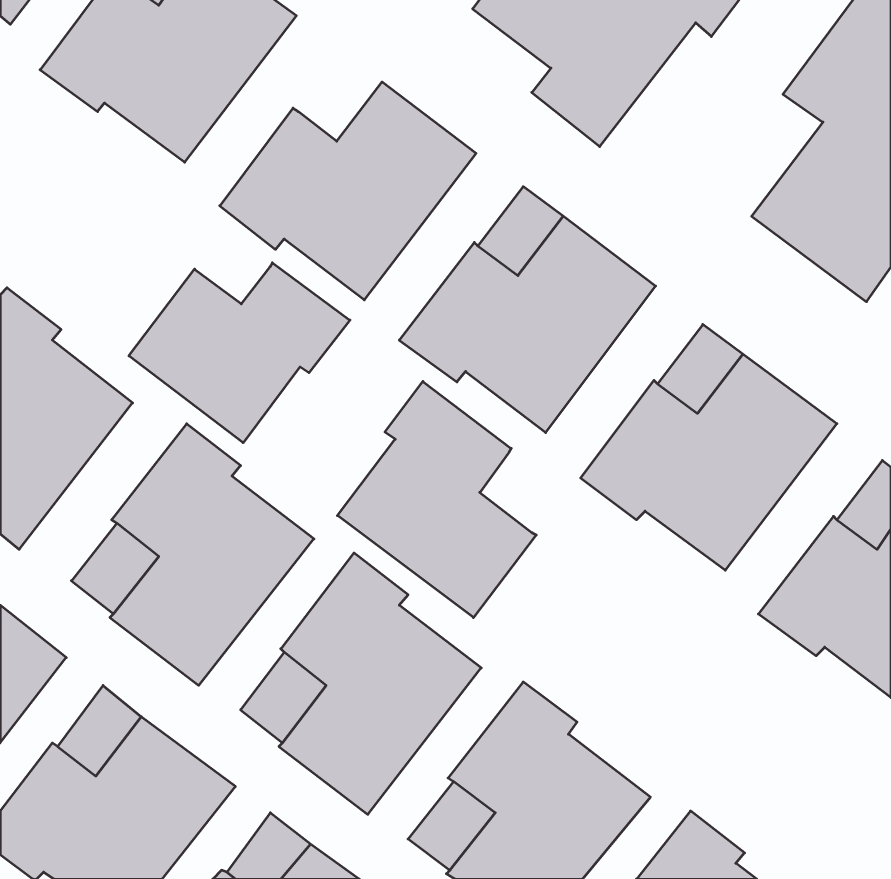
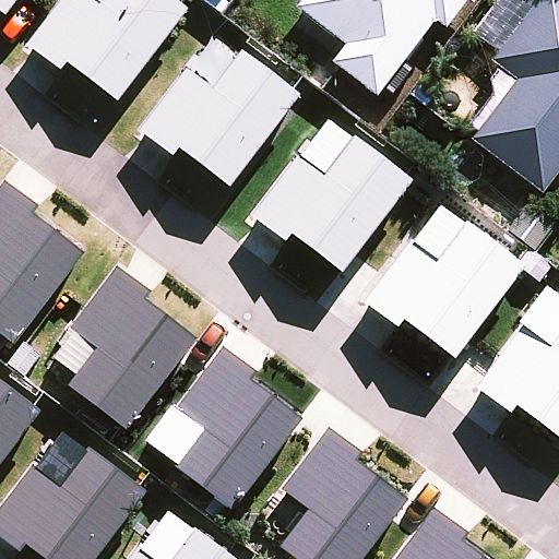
building: [129,263,350,443] -> none
building: [337,381,536,618] -> none

